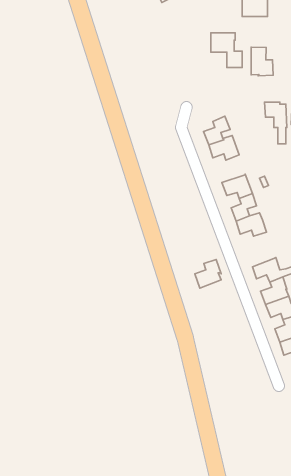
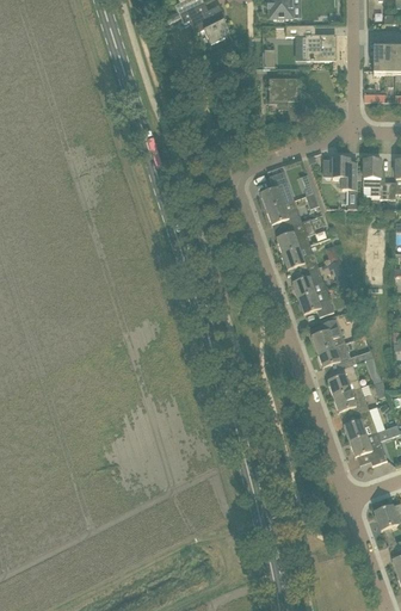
building: [251,47,273,76] -> none
building: none -> [277,217,314,252]
building: [195,260,221,288] -> [311,317,343,351]

